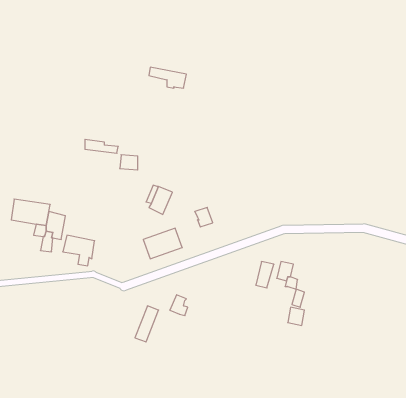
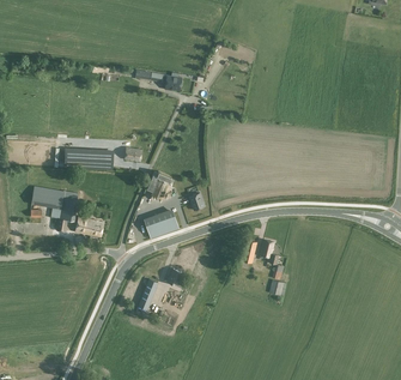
building: none -> [65,147,113,167]

